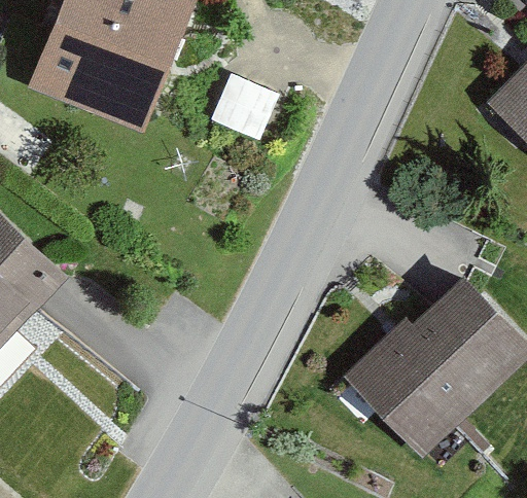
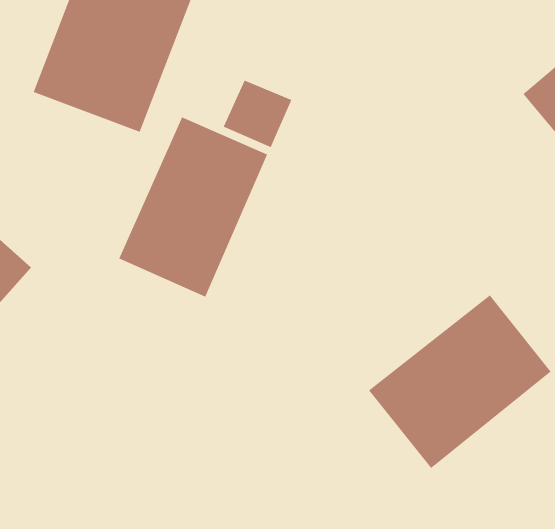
building: none -> [118,117,268,297]

